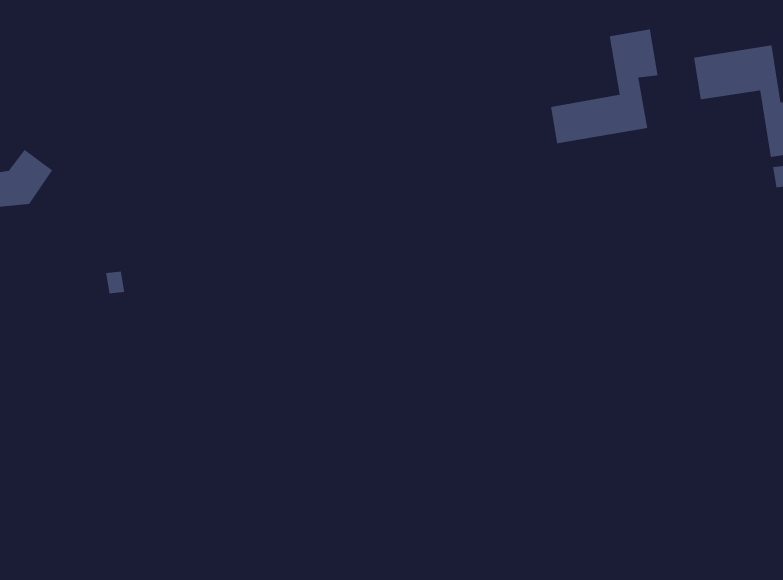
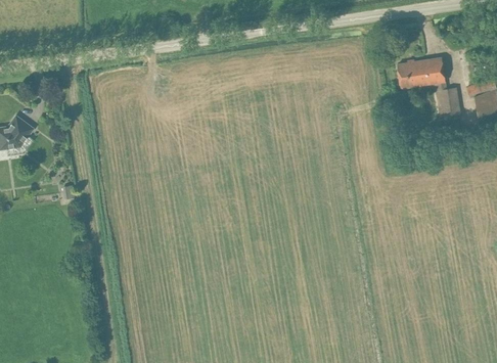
building: [550,28,658,144] -> none

